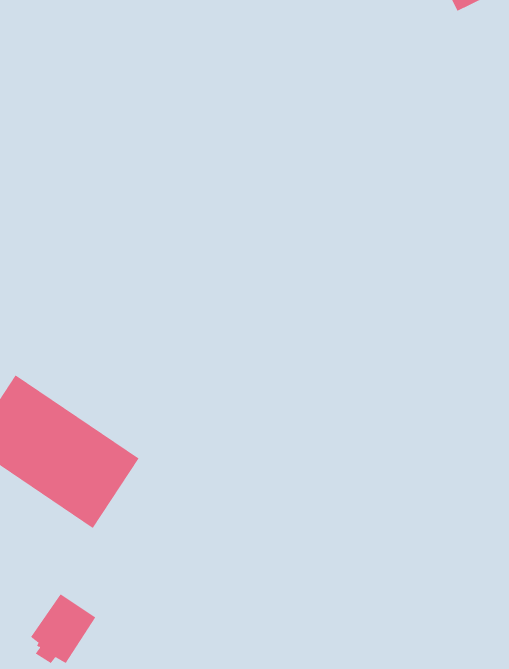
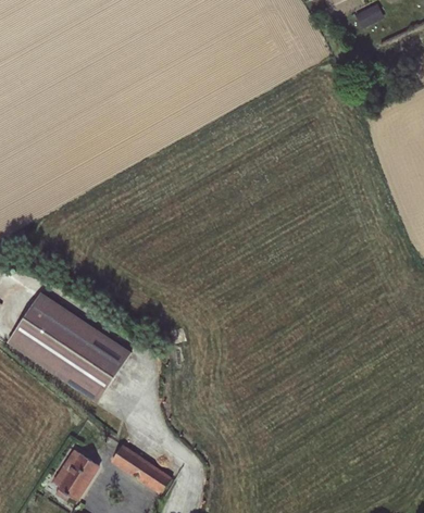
building: none -> [110,443,171,493]

